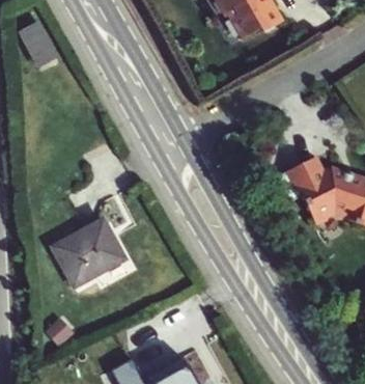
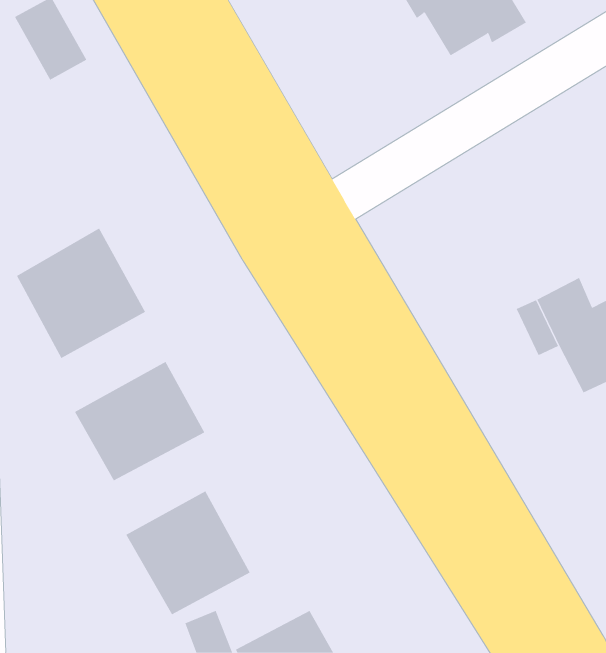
building: none -> [16,228,146,359]
building: none -> [125,491,251,615]

